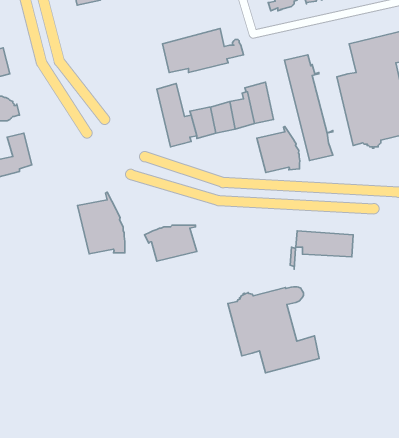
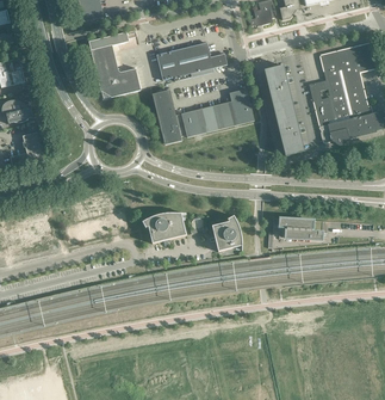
building: none -> [88,32,141,98]
building: [257,126,300,172] -> none
building: [77,192,125,254] -> none
building: none -> [212,215,242,251]
building: [228,287,319,373] -> none

